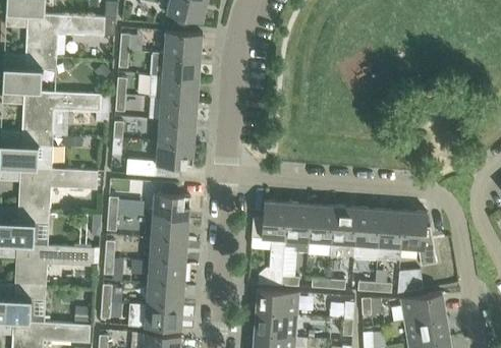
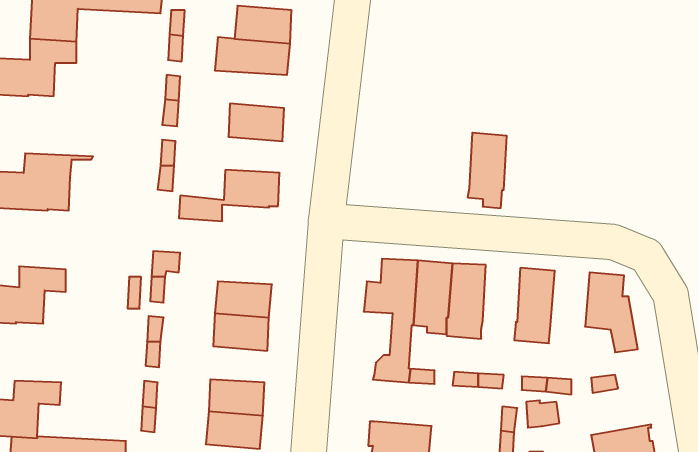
building: [149,74,199,100] -> none
building: [21,91,110,132] -> none
building: [157,119,196,143] -> none
building: [17,168,97,209] -> none
building: [152,192,190,219] -> none
building: [330,206,356,256] -> [468,133,507,208]
building: [376,210,403,259] -> none
building: [14,244,94,285] -> none
building: [147,260,185,285] -> none
building: [256,289,297,314] -> none
building: [400,292,445,321] -> none

